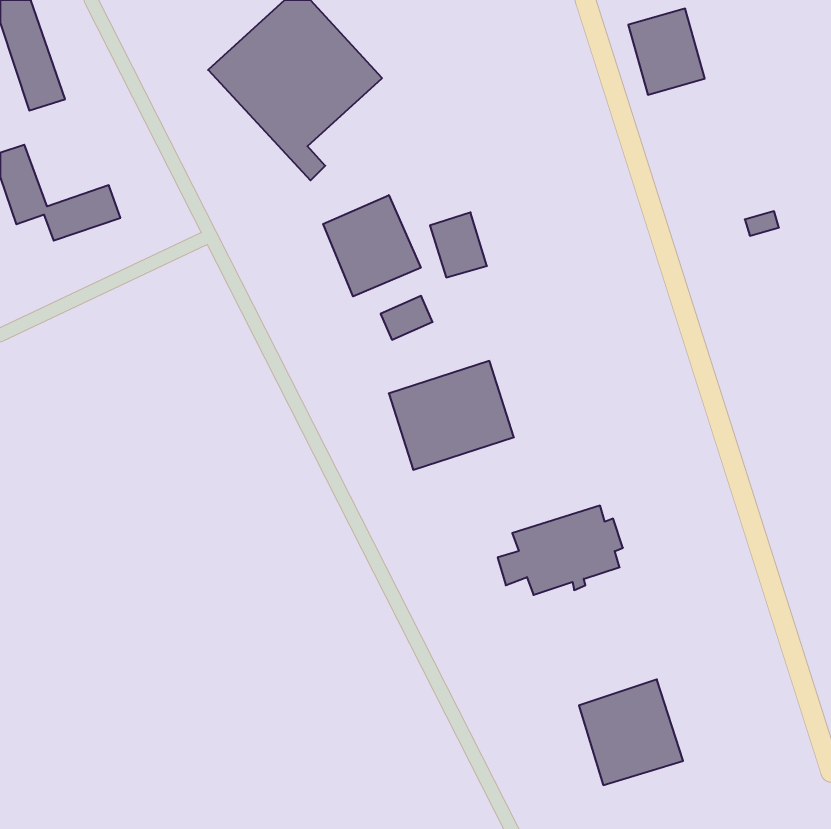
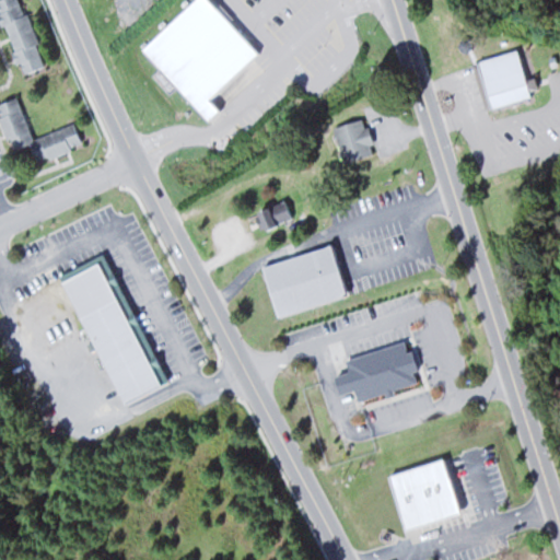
building: [628,9,705,95] -> [478,50,529,108]
building: [323,195,421,296] -> none
building: [430,212,487,277] -> [334,119,372,163]
building: none -> [61,255,163,404]

